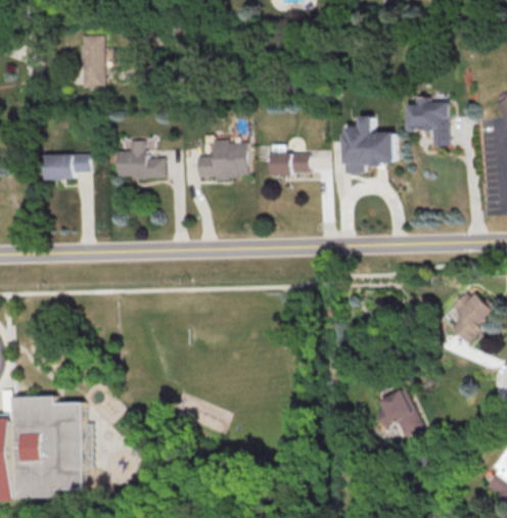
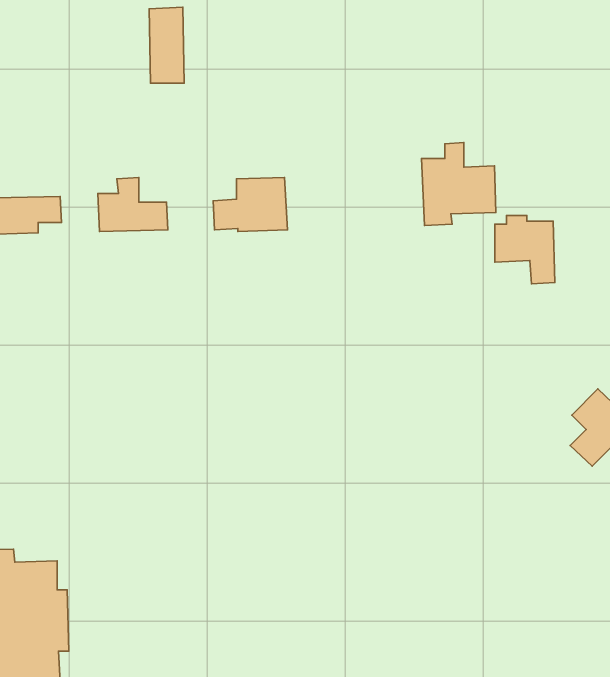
building: [79,35,103,88] -> [149,7,184,83]
building: [407,98,449,146] -> [495,215,555,284]
building: [271,145,310,175] -> none
building: [374,387,422,435] -> none

